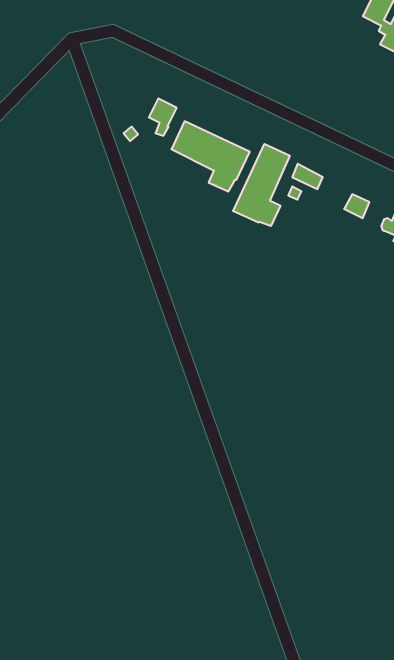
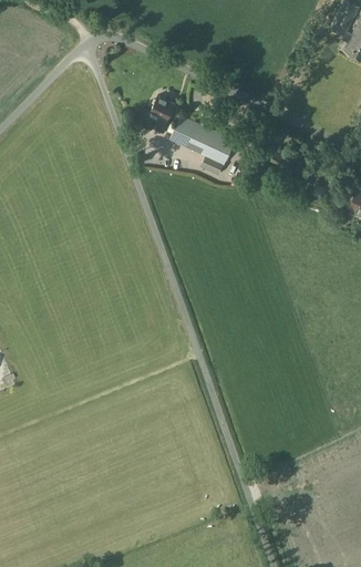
building: [233,144,290,226] -> none

